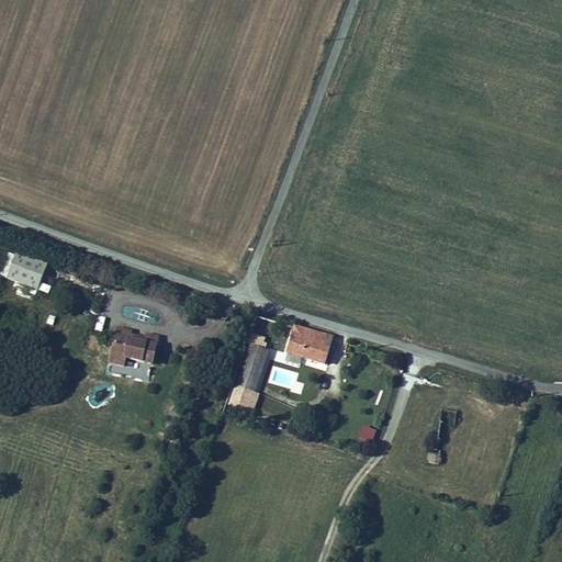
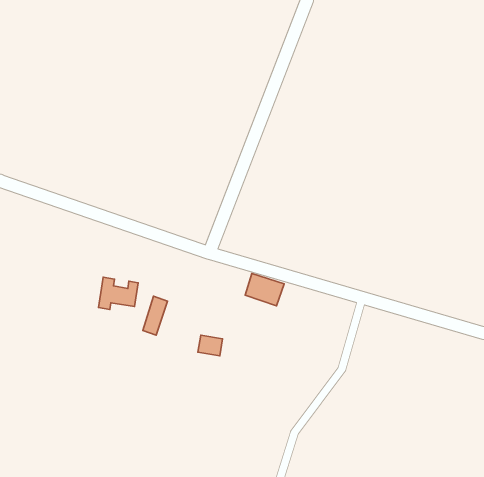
building: [7,249,47,284] -> none
building: [238,345,267,390] -> [143,296,168,335]

